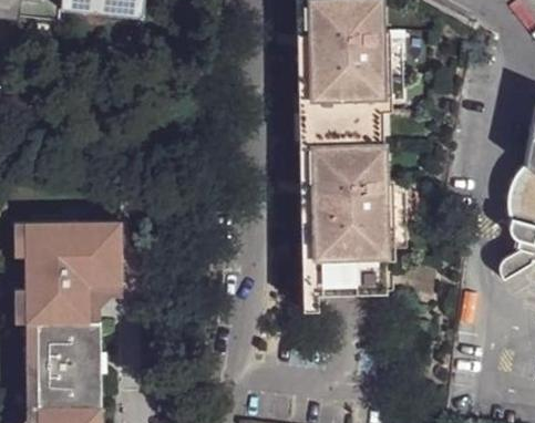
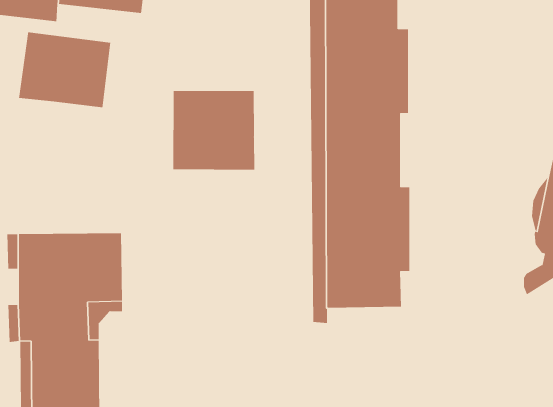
building: none -> [18,32,111,108]
building: none -> [173,90,255,171]

